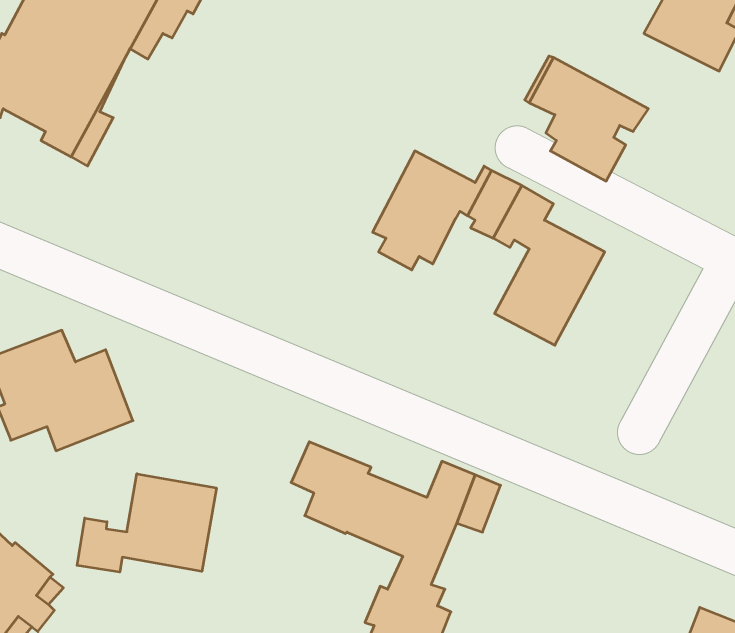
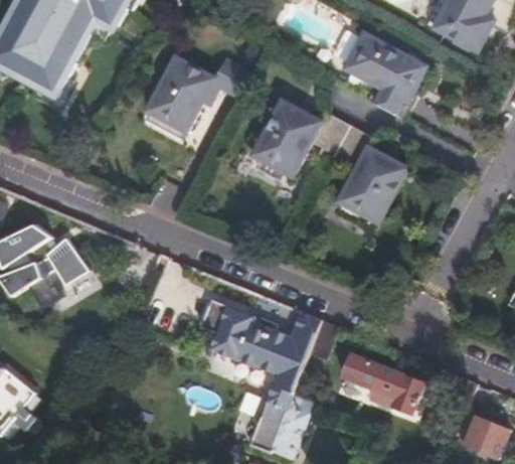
building: none -> [151,57,254,128]
building: [77,474,216,572] -> none
building: none -> [340,351,424,416]

